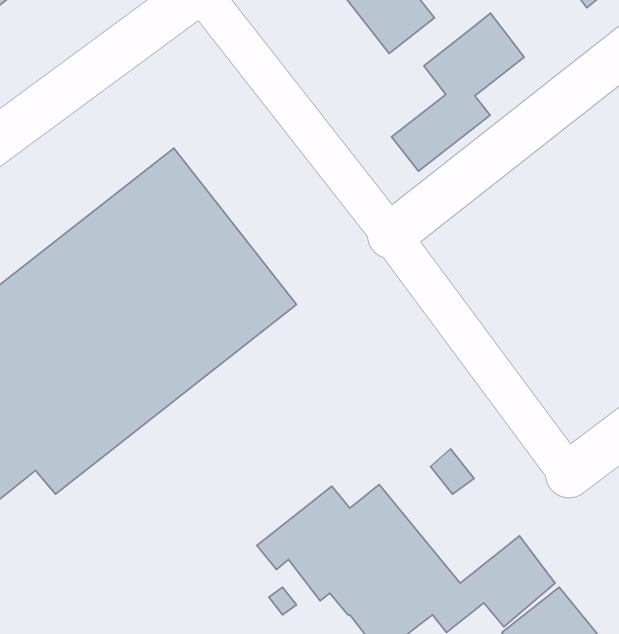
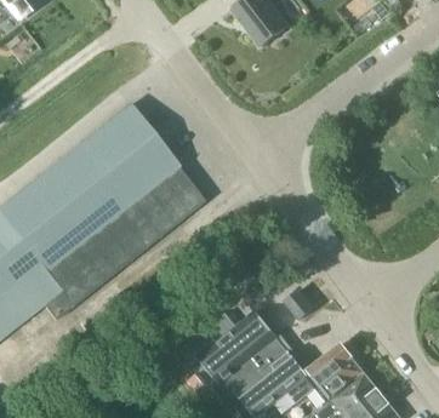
building: [392,13,524,171] -> none

